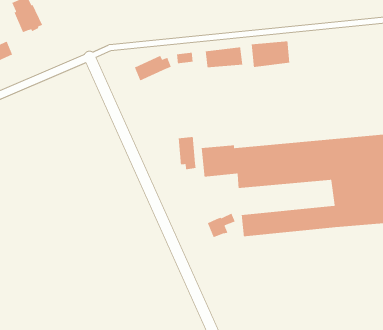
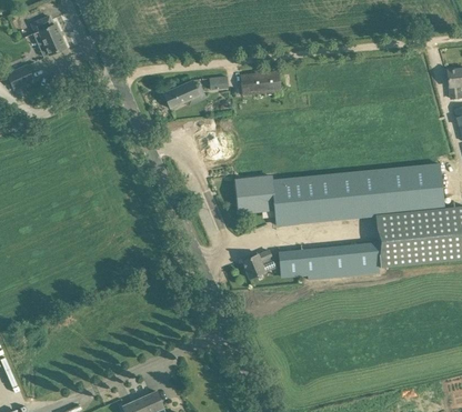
building: [251,41,290,68] -> none
building: [178,136,197,170] -> none

